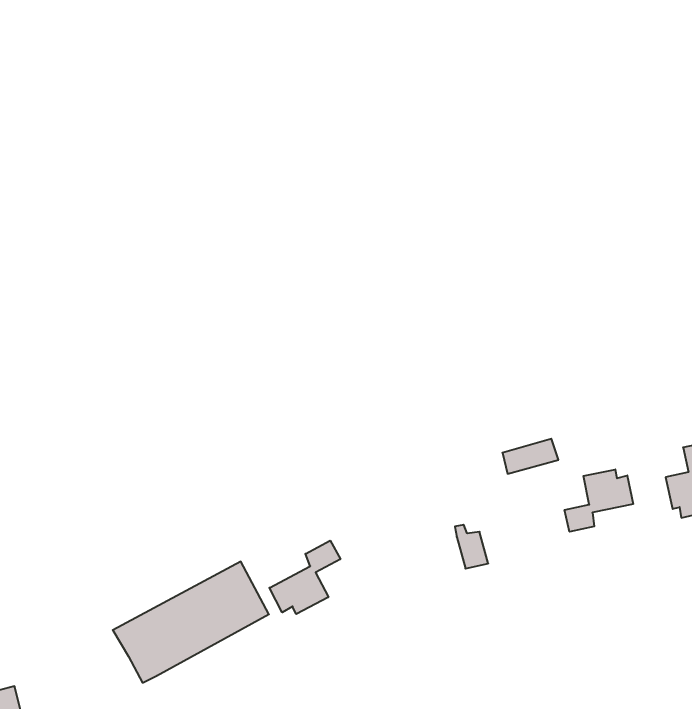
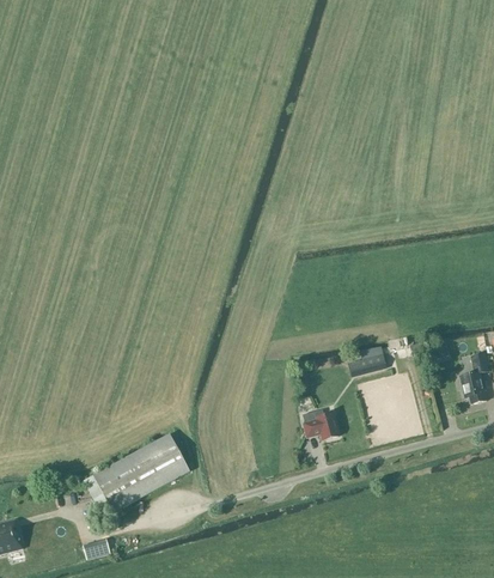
building: [565,469,633,532] -> none
building: [269,541,340,614] -> none

